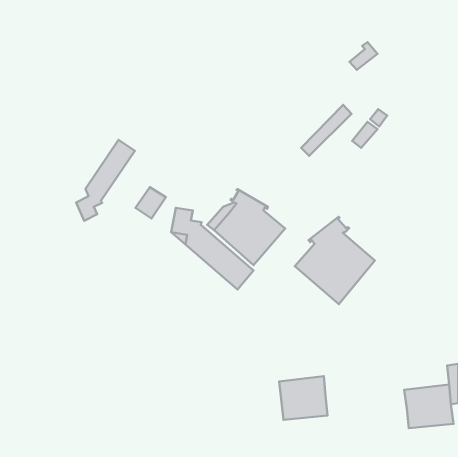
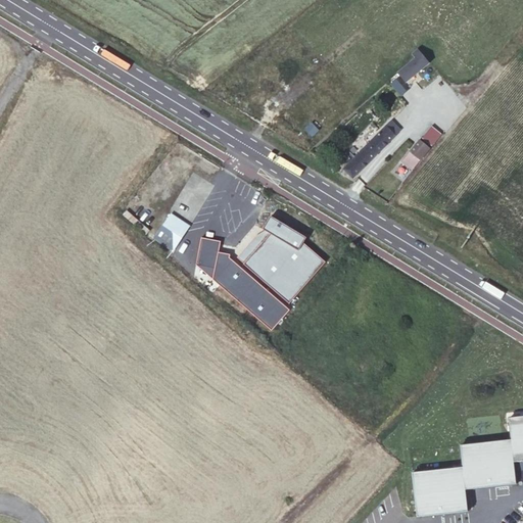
building: [76,140,135,221] -> none
building: [295,217,375,304] -> none
building: [279,376,327,420] -> [413,466,468,516]

